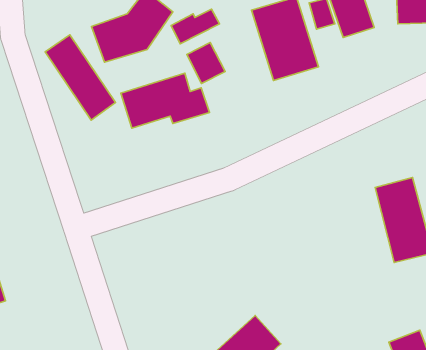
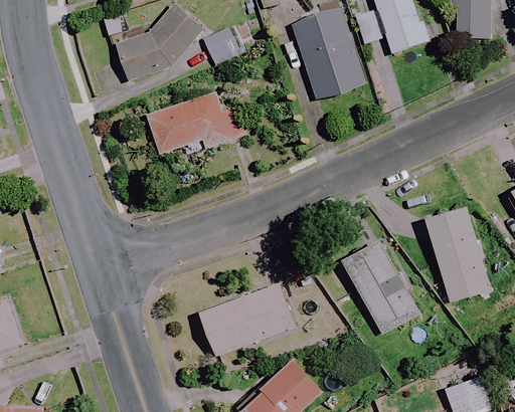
building: [45,35,116,120] -> none
building: [187,43,225,83] -> none
building: none -> [345,246,419,335]
building: none -> [200,282,296,355]

